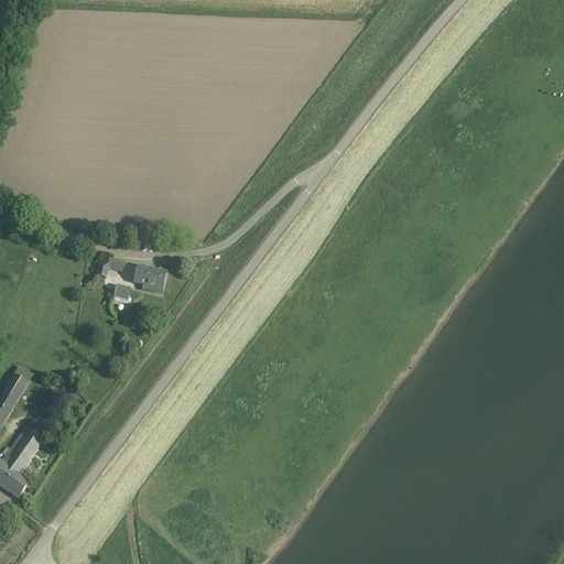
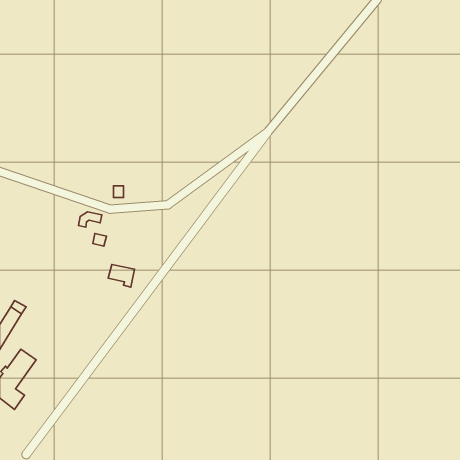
building: [133,267,165,294] -> [108,265,134,287]

